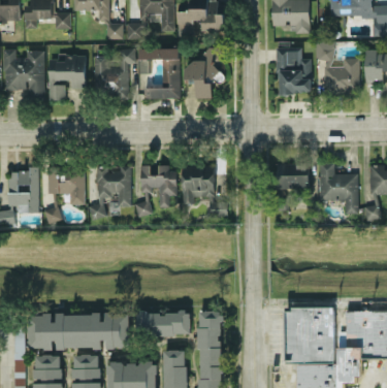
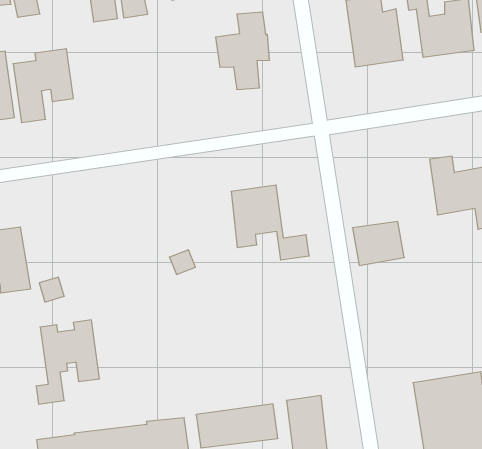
building: [94,50,135,100] -> none
building: [139,50,180,99] -> none
building: [277,164,309,190] -> [352,222,404,265]
building: [140,165,176,207] -> none
building: [89,166,132,218] -> [36,320,100,404]
building: [47,167,85,204] -> none

